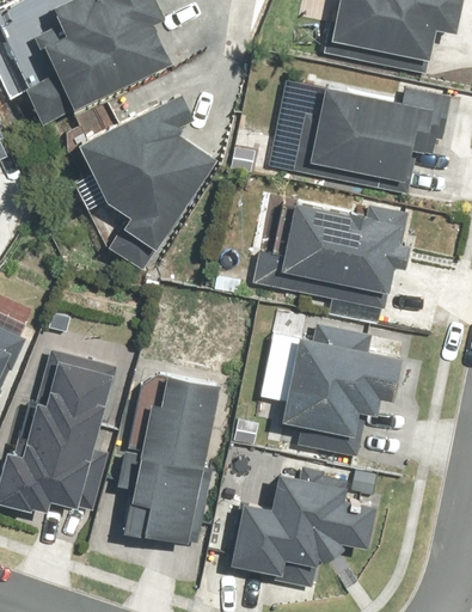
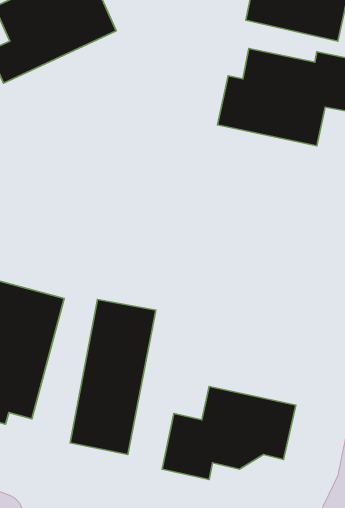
building: [82,92,217,273] -> none
building: [250,201,412,308] -> none
building: [280,320,404,455] -> none

